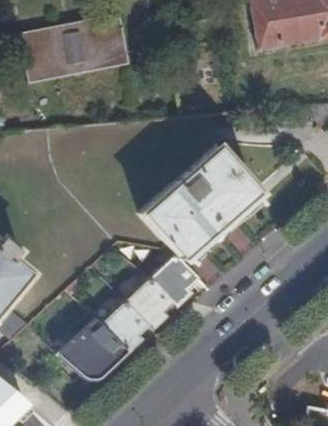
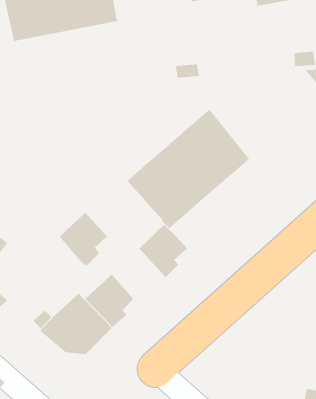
building: [130,276,175,328] -> [59,212,108,267]

